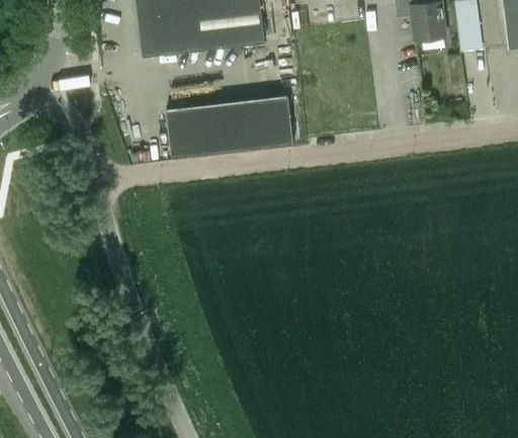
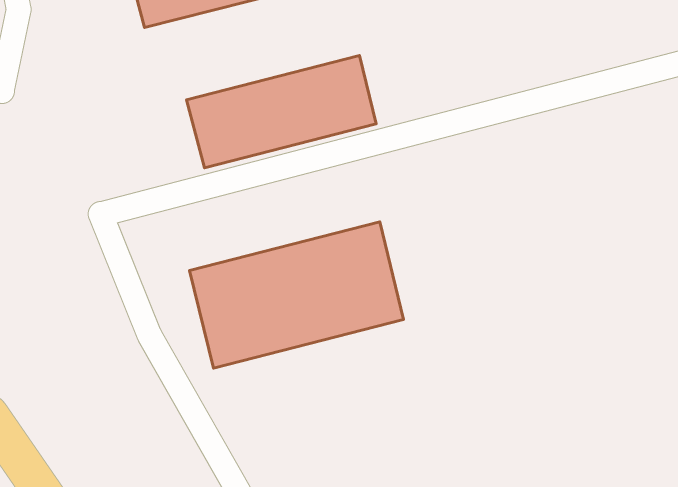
building: none -> [190,222,404,368]

